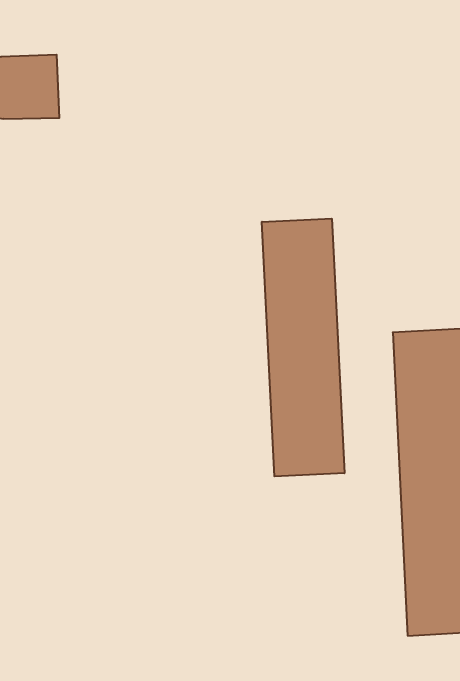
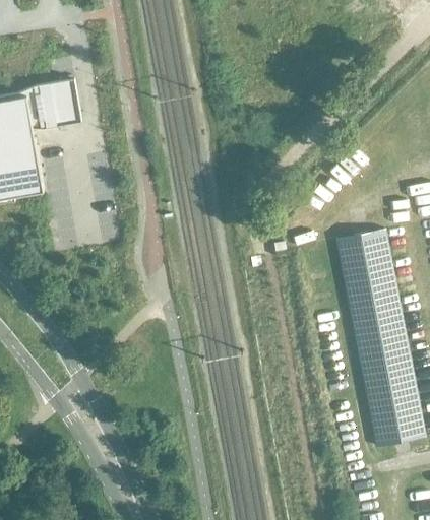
building: [262,219,344,476] -> none

